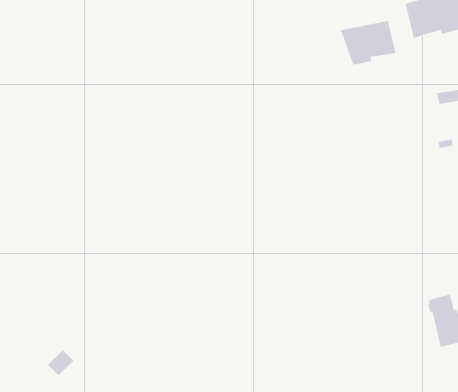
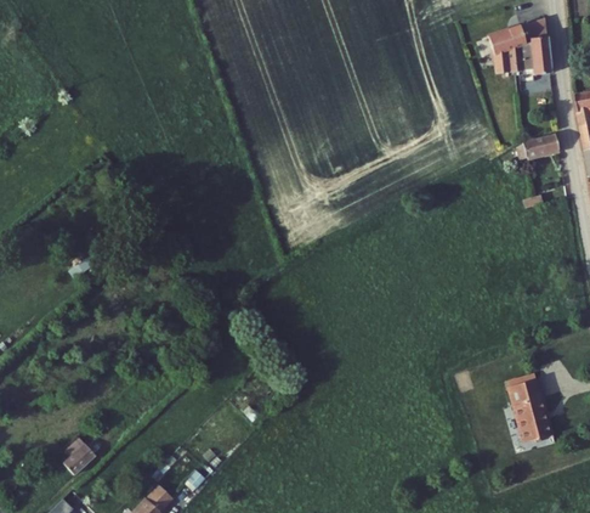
building: [340,20,396,66] -> none

